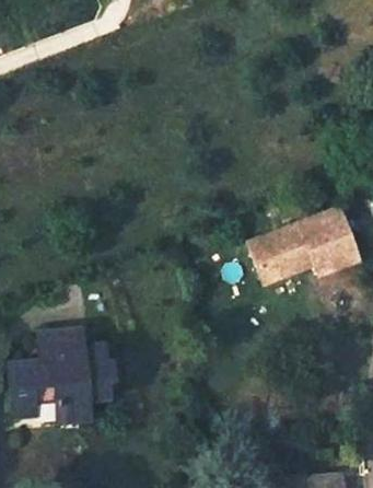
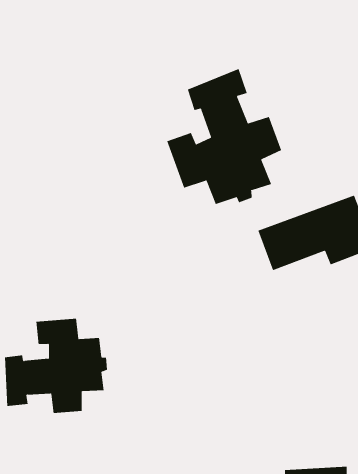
building: none -> [166,68,282,205]

